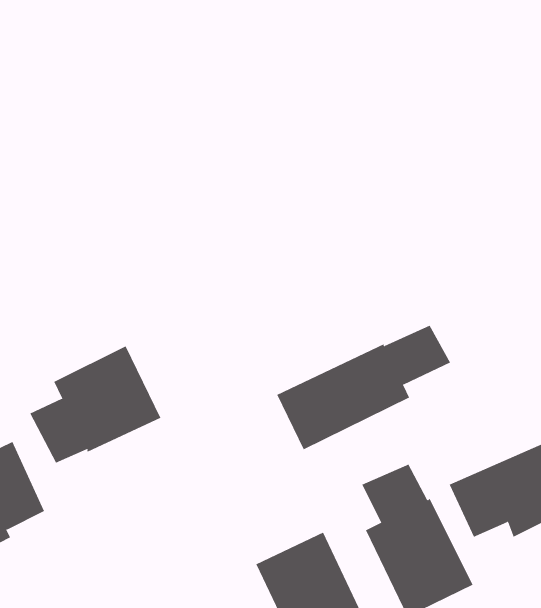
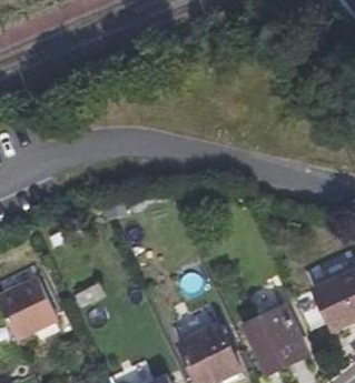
building: [276,325,451,450] -> none
building: [30,346,161,463] -> none

